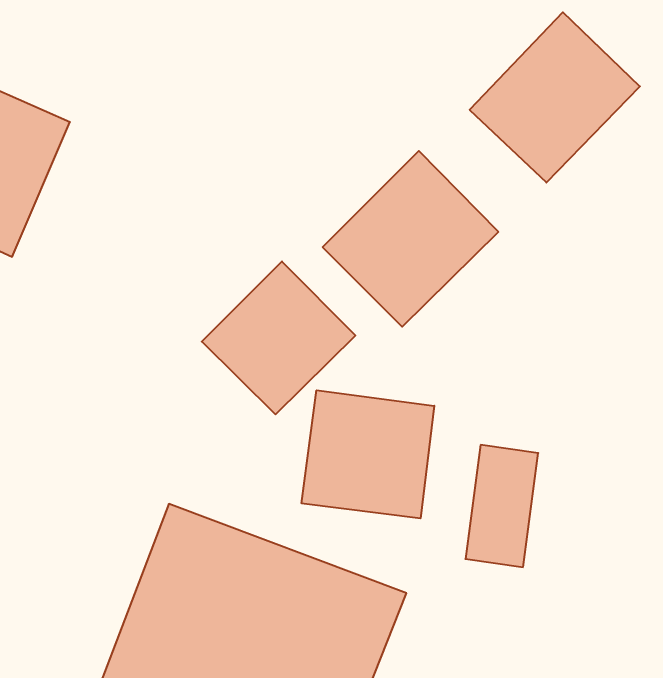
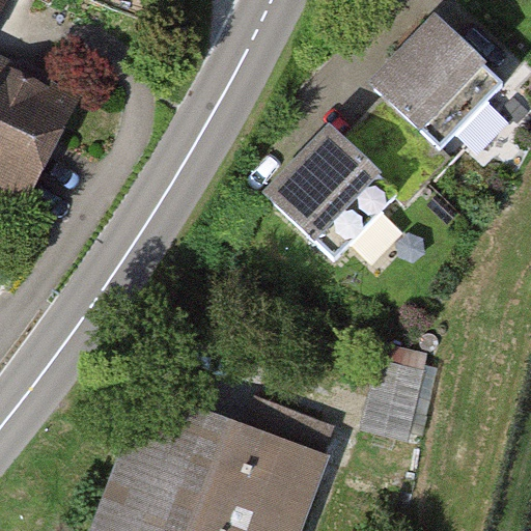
building: [202,261,355,414] -> none
building: [302,390,434,518] -> none

